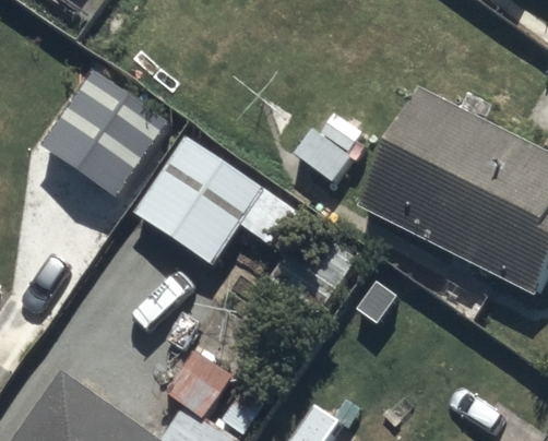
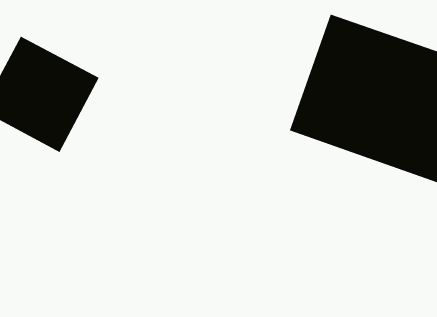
building: [126,136,259,264] -> none

